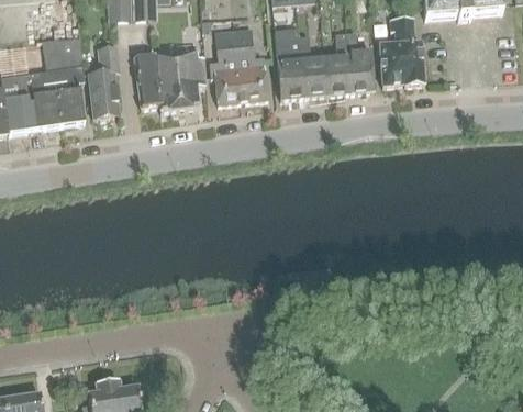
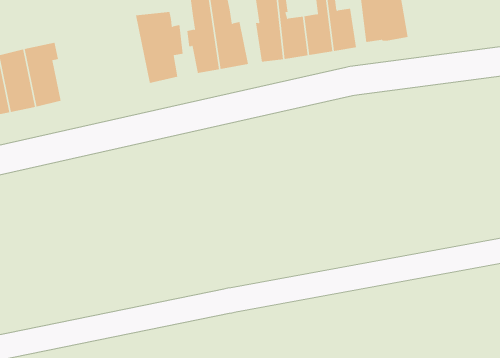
building: [44,38,82,69] -> none
building: [135,44,170,112] -> none
building: [89,45,121,120] -> none

